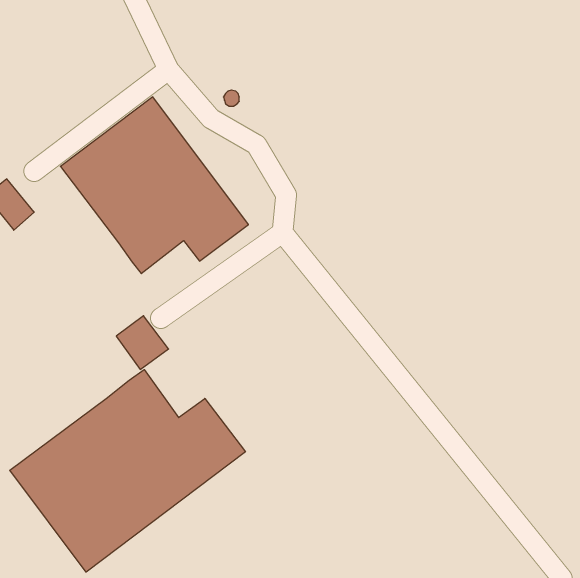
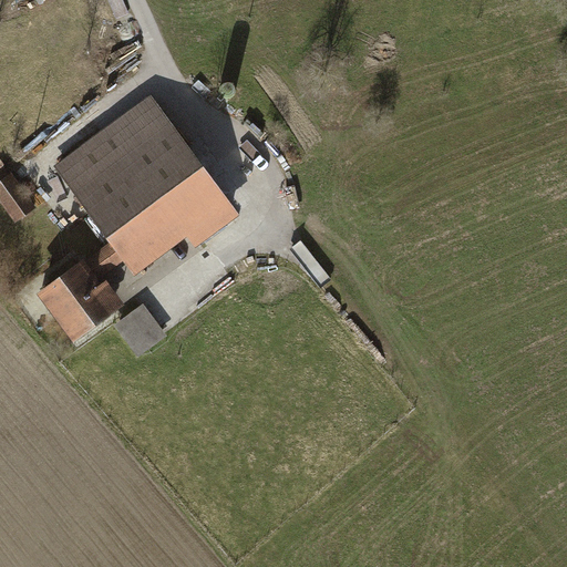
building: none -> [34,236,128,347]
building: [10,370,245,572] -> none

